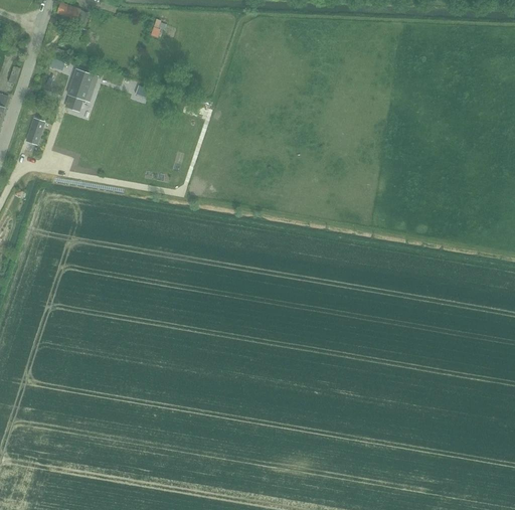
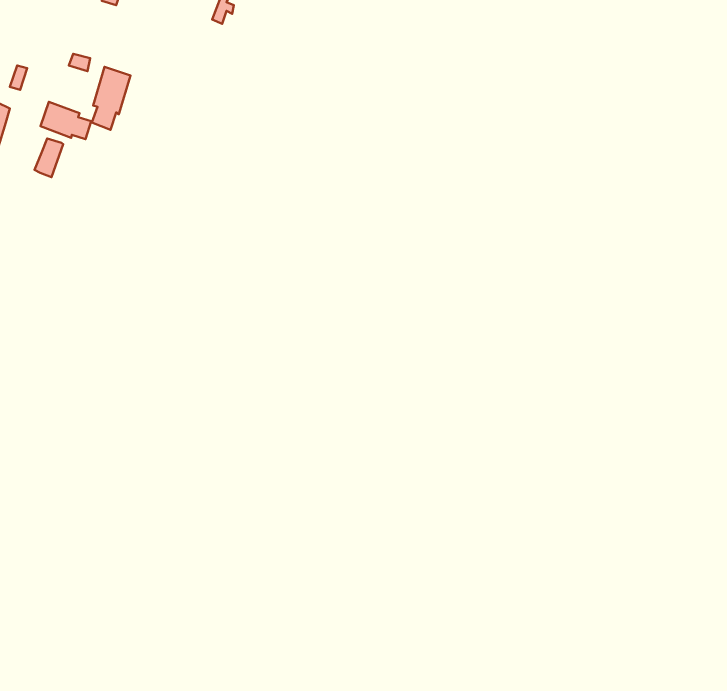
building: none -> [40,102,91,139]

